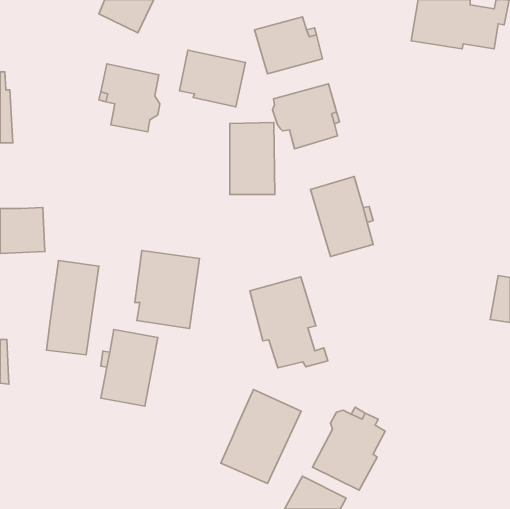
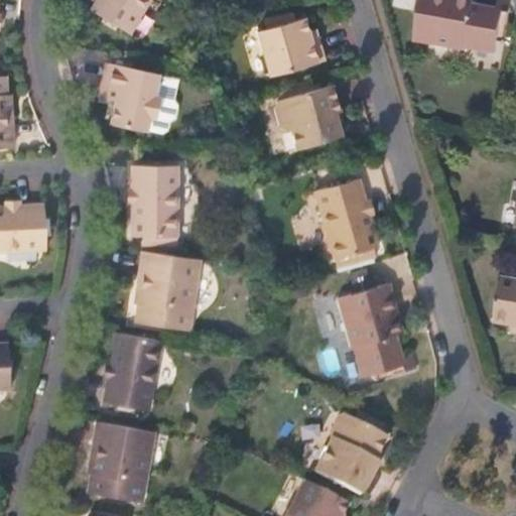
building: [179,50,246,107] -> none
building: [230,123,275,194] -> [135,165,180,238]
building: [47,260,99,355] -> none
building: [250,277,328,368] -> [338,282,416,374]
building: [221,389,301,484] -> none
building: none -> [86,422,152,504]

